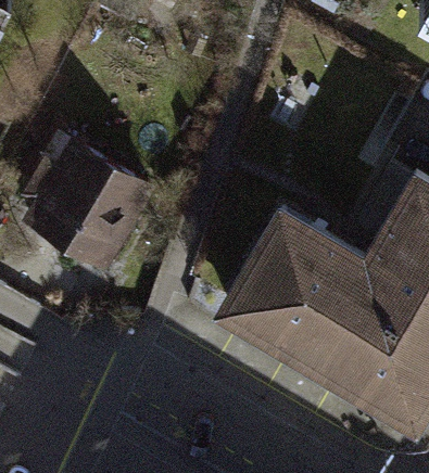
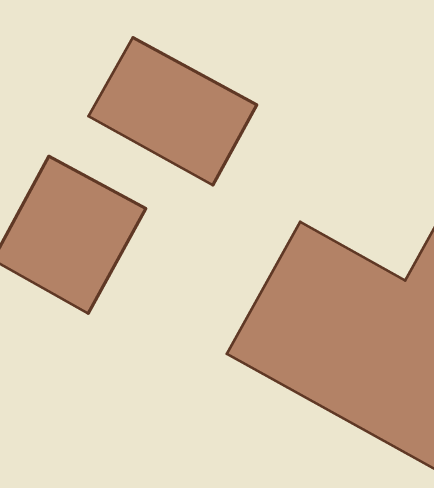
building: none -> [89,37,257,185]

